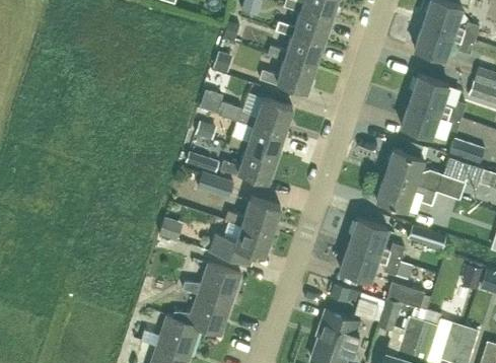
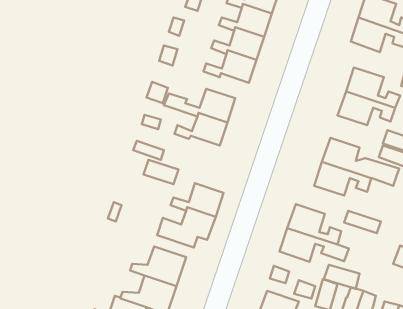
building: [221,148,277,183] -> none

